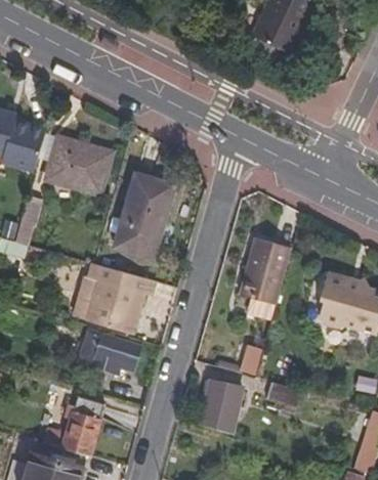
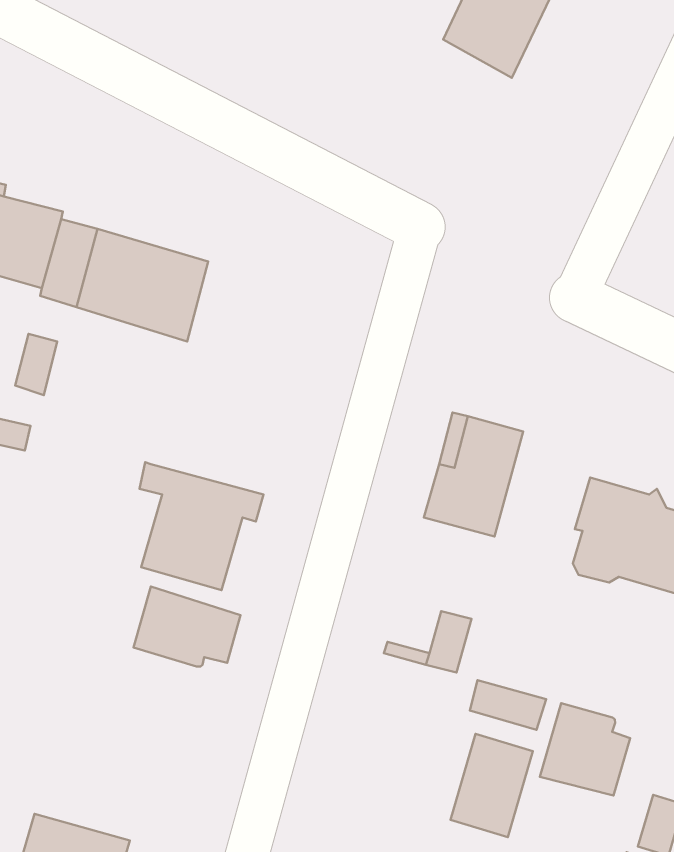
building: [114,171,173,255] -> none
building: [199,378,243,433] -> [451,734,533,837]
building: none -> [540,703,630,796]
building: [42,395,104,456] -> none

